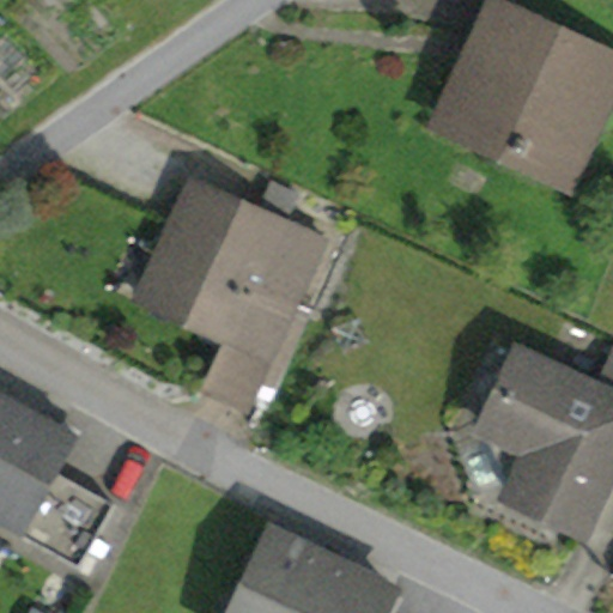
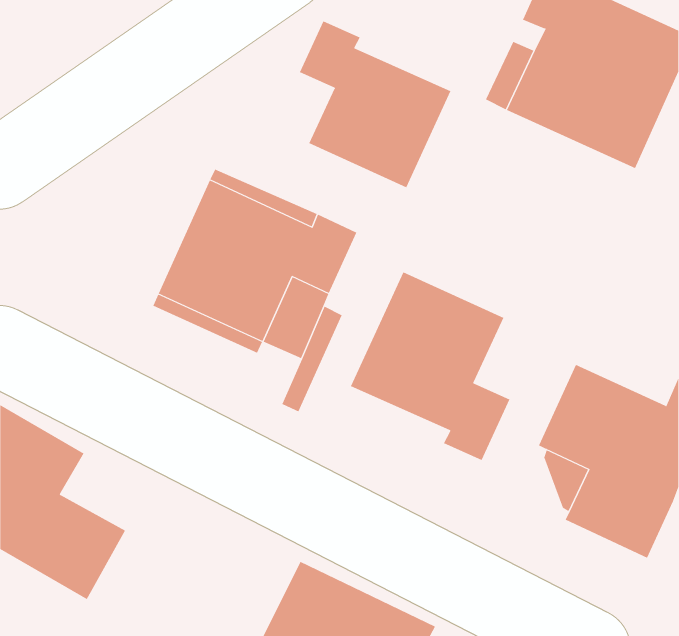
building: none -> [299,20,451,188]
building: none -> [350,271,510,461]

